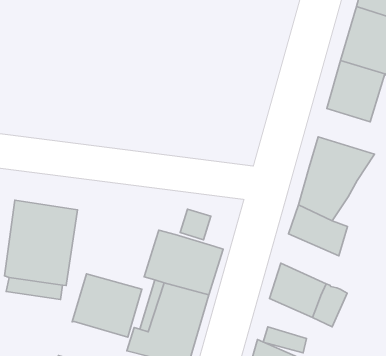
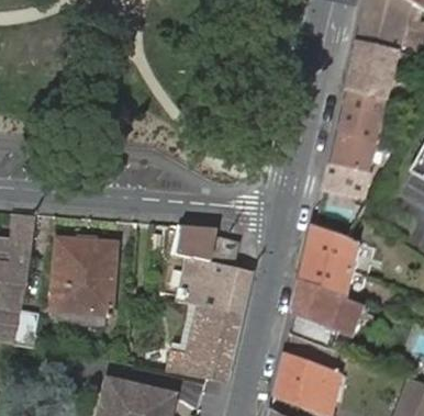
building: none -> [330,136,383,176]
building: none -> [170,225,211,260]
building: none -> [302,254,355,299]
building: [72,274,142,337] -> none

